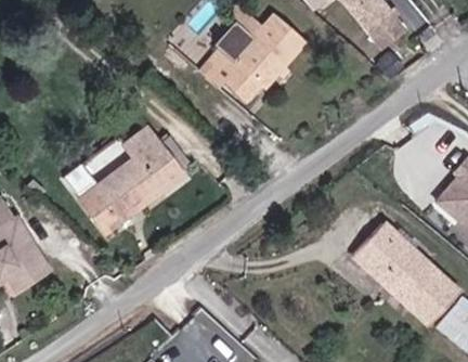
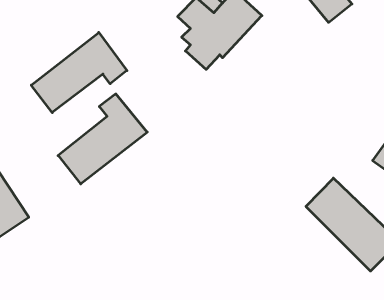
building: none -> [31,32,127,113]

